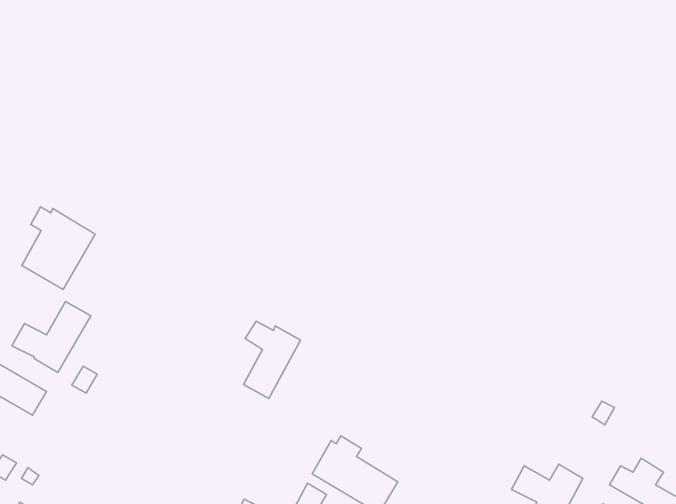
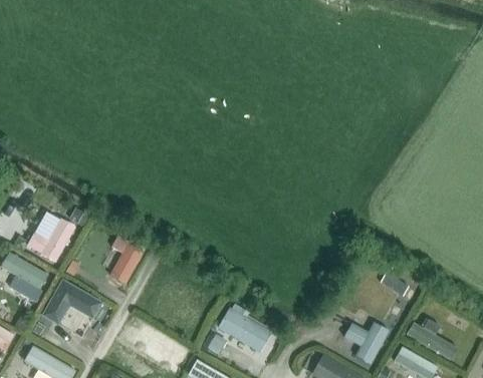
building: [22,207,95,289] -> none
building: [244,321,300,399] -> [109,236,146,285]
building: none -> [43,282,100,324]

